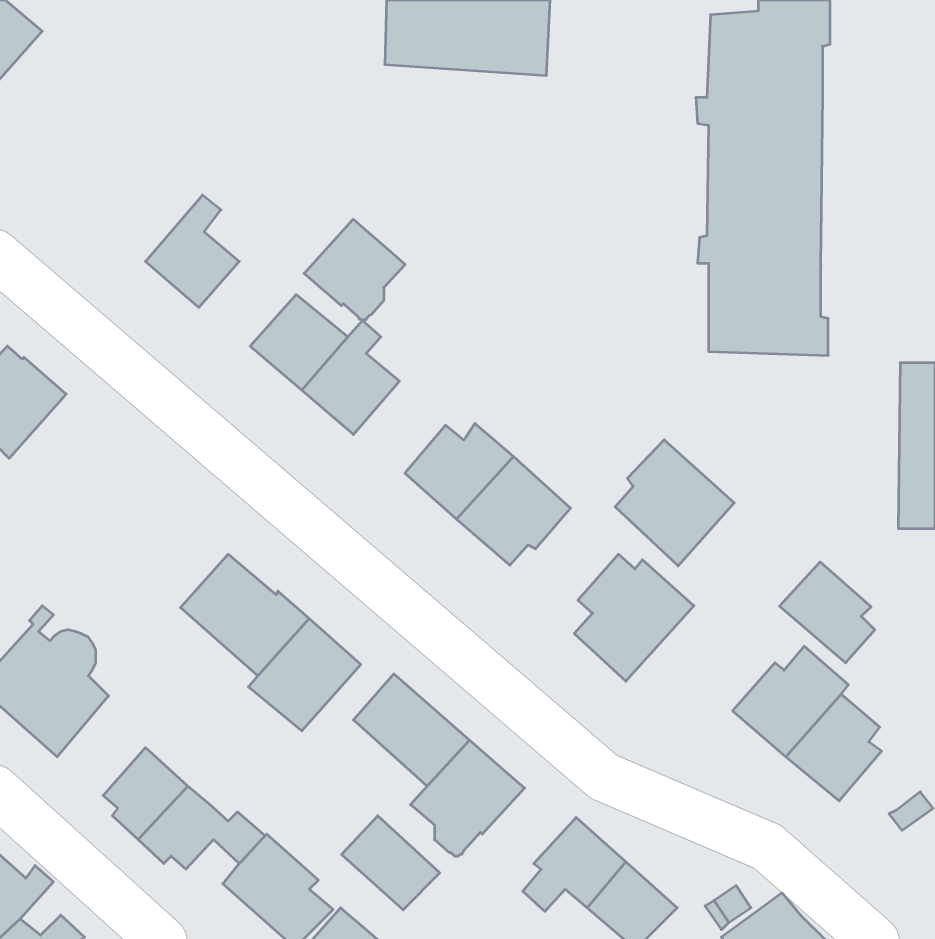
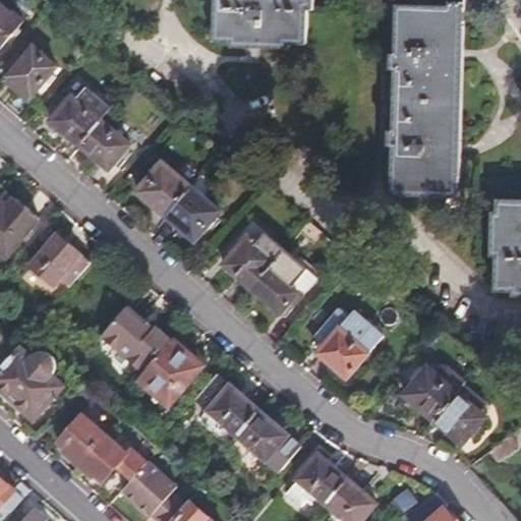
building: none -> [5,48,56,101]
building: none -> [52,88,112,146]
building: [304,219,405,320] -> none
building: none -> [28,234,89,288]
building: [615,440,734,566] -> none
building: [780,562,875,663] -> none
building: [342,816,440,910] -> none

